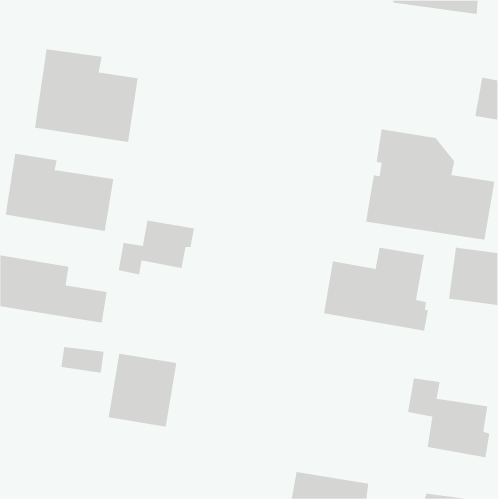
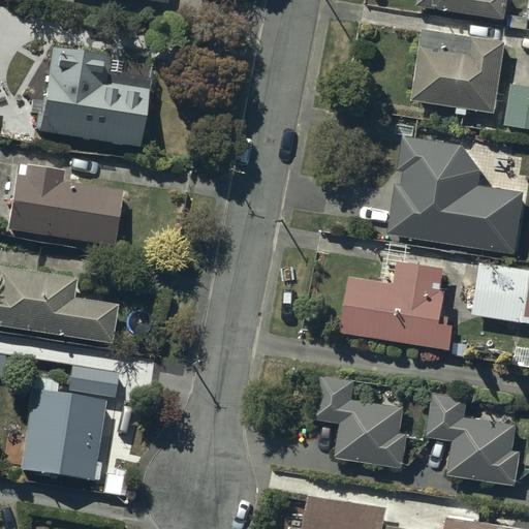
building: none -> [411,35,503,113]
building: [118,220,194,275] -> none
building: [108,353,177,427] -> [25,396,98,474]
building: none -> [317,380,406,466]

